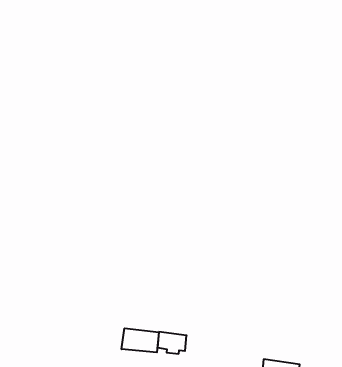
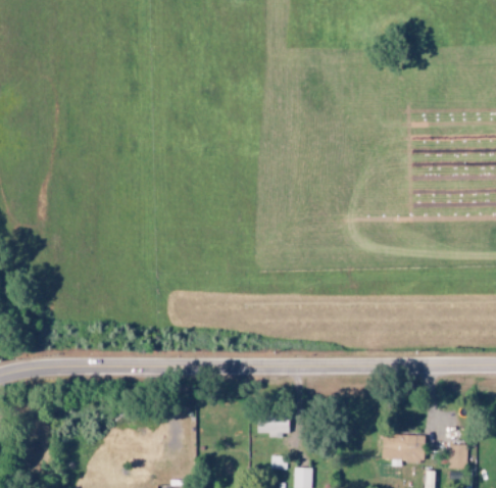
building: [122,328,159,352] -> none

